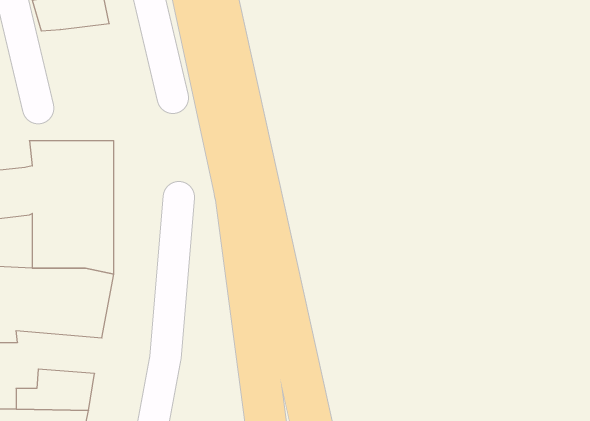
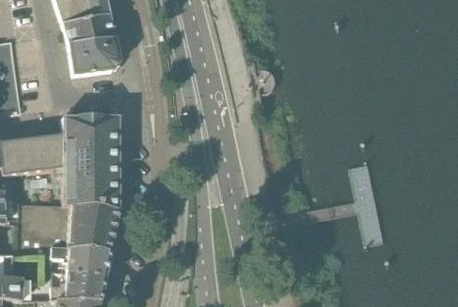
building: none -> [69,37,120,74]
building: none -> [52,245,110,274]

